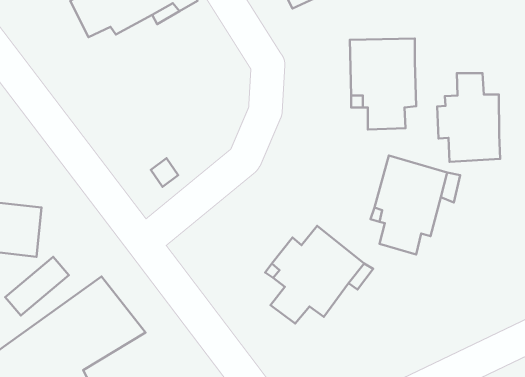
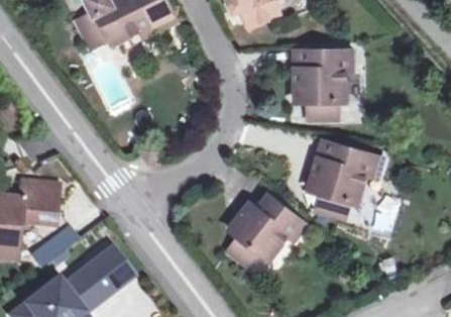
building: [437,73,500,162] -> none

